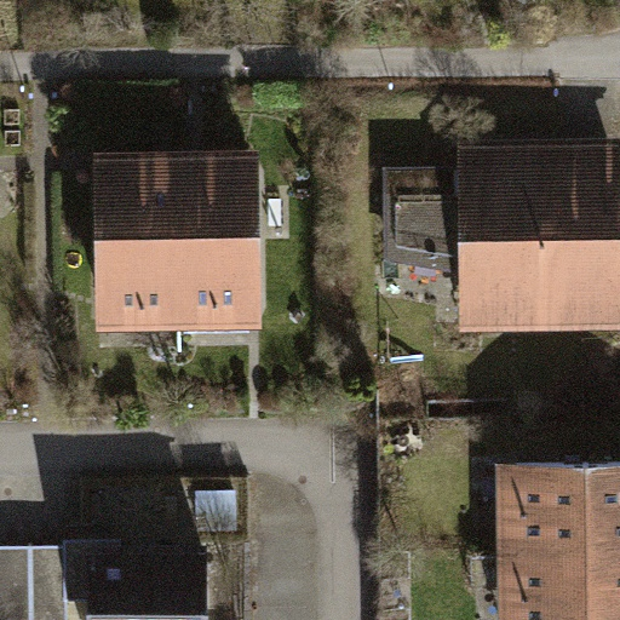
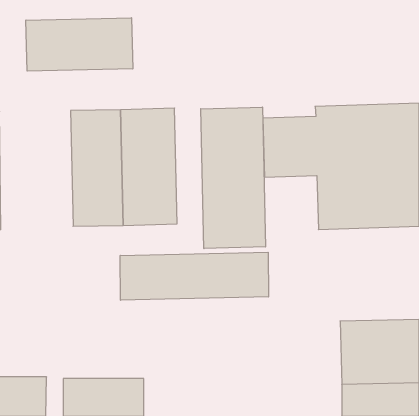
building: none -> [26,18,133,71]
building: none -> [201,107,265,249]
building: none -> [120,252,268,300]

